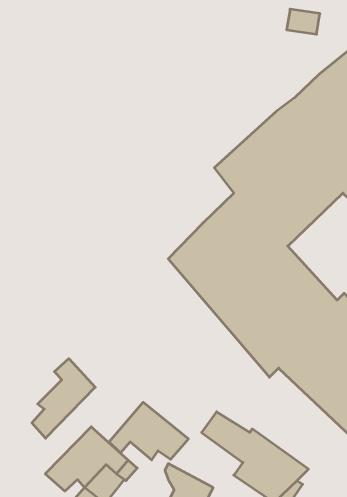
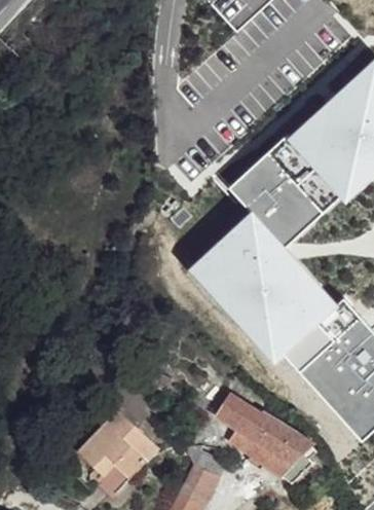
building: [32,359,95,438] -> none
building: [109,402,188,460] -> none

